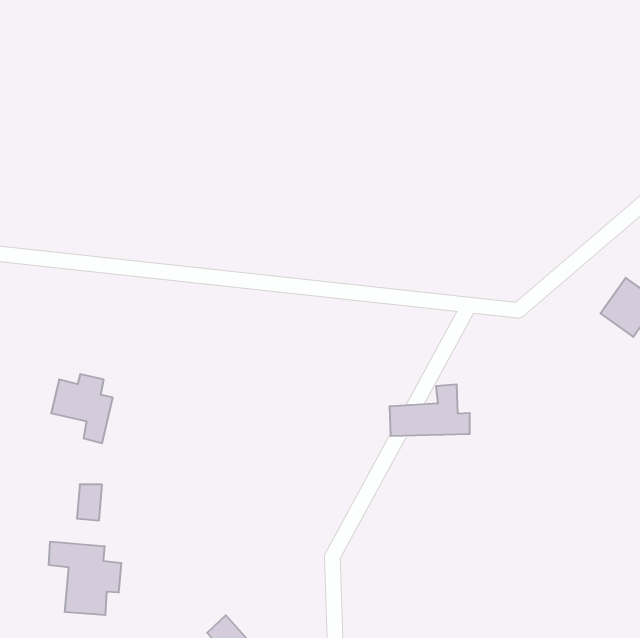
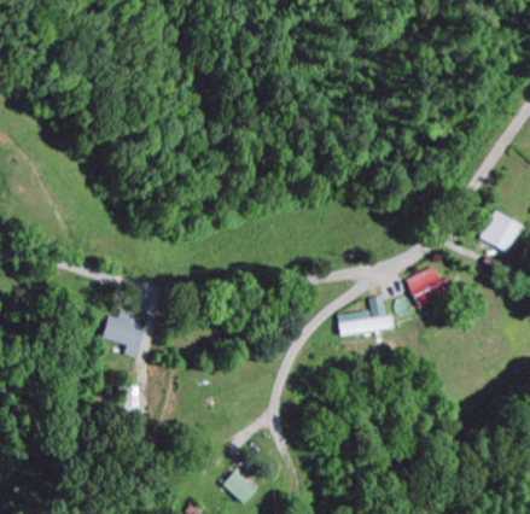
building: none -> [406,267,441,308]
building: [49,542,121,615] -> none

